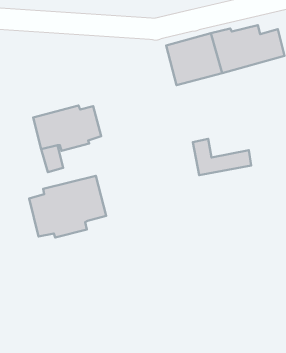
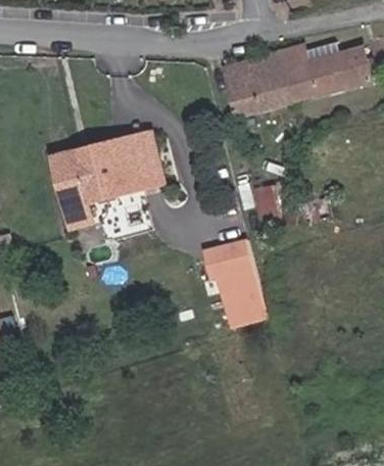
building: none -> [109,135,156,191]
building: [29,176,106,238] -> none
building: none -> [207,240,266,327]

